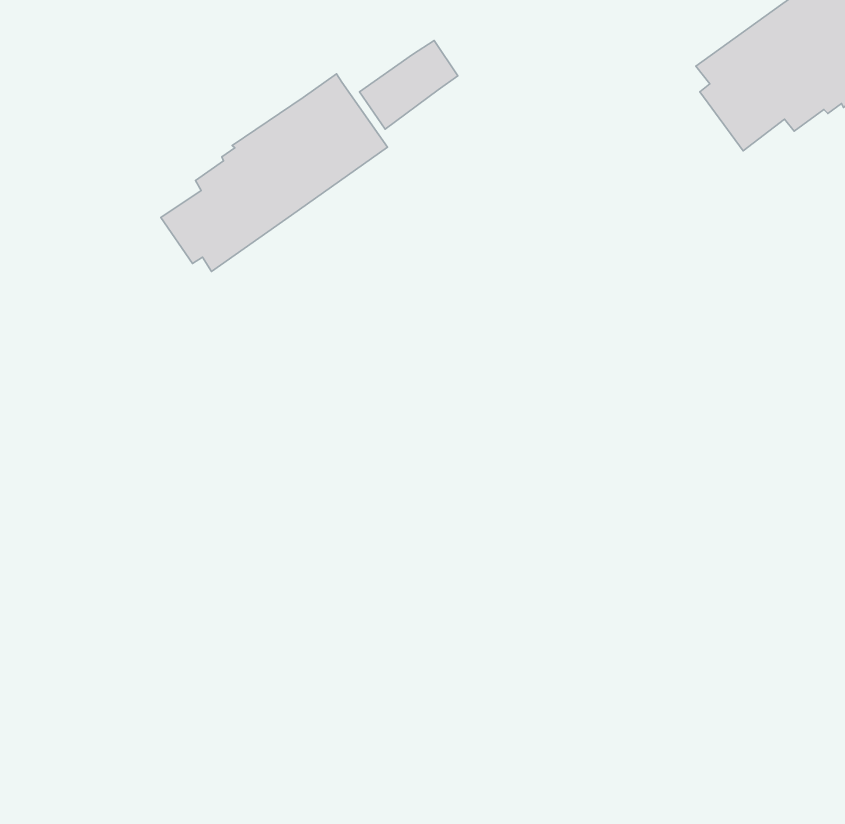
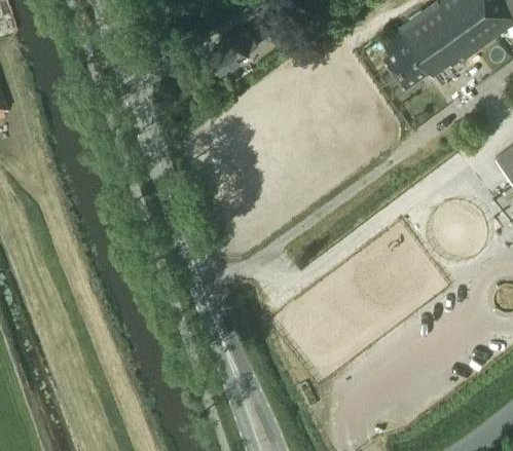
building: [161,74,387,272] -> none

